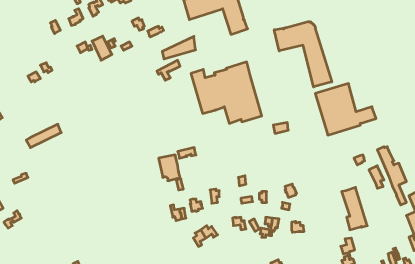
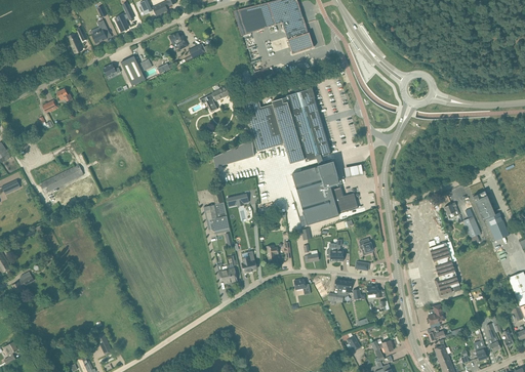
building: [274,22,332,87] -> none
building: [162,36,196,59] -> [213,138,254,166]
building: [315,84,376,135] -> [293,162,368,225]

